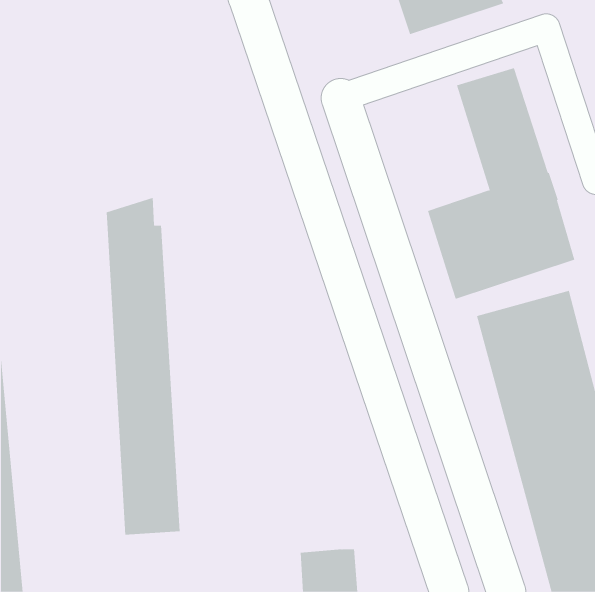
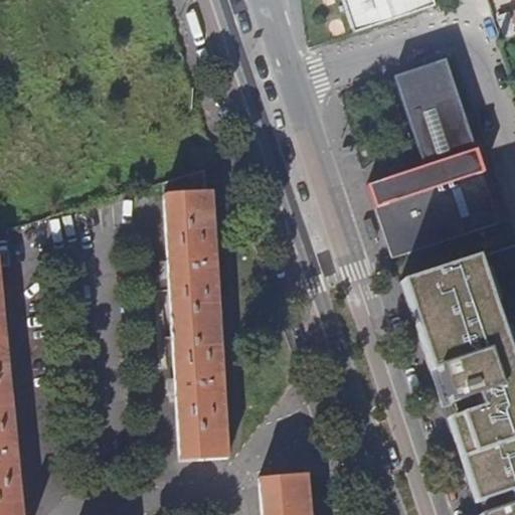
building: [106,197,180,535] -> [163,167,227,459]

